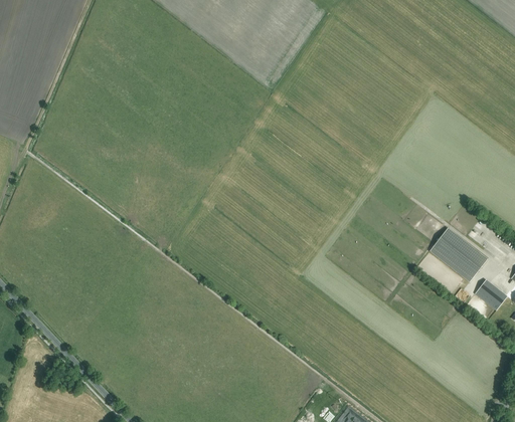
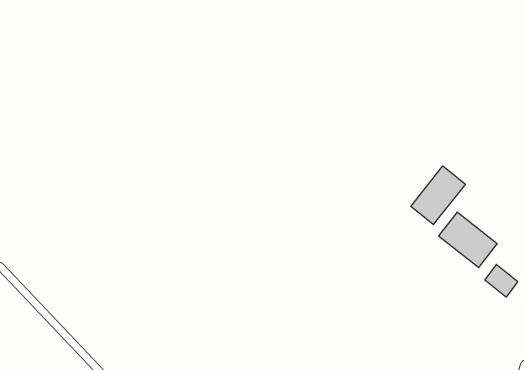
building: none -> [411,166,465,225]

